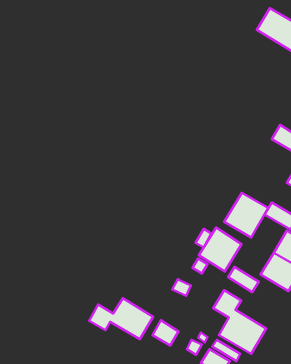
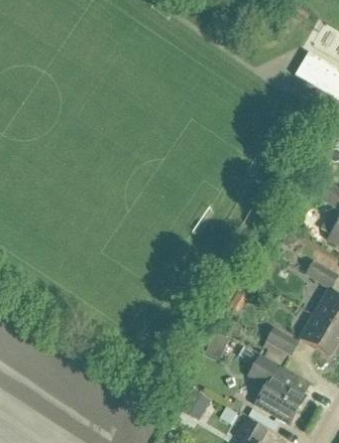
building: [224,193,268,238] -> none
building: [199,228,241,271] -> none
building: [89,298,153,339] -> none

